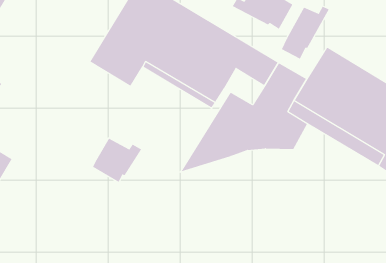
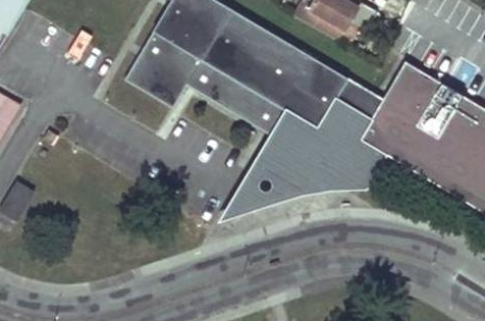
building: [281,6,330,60] -> none
building: none -> [284,87,331,129]
building: [92,138,142,183] -> none

